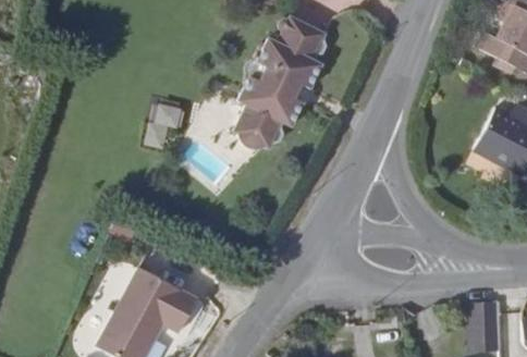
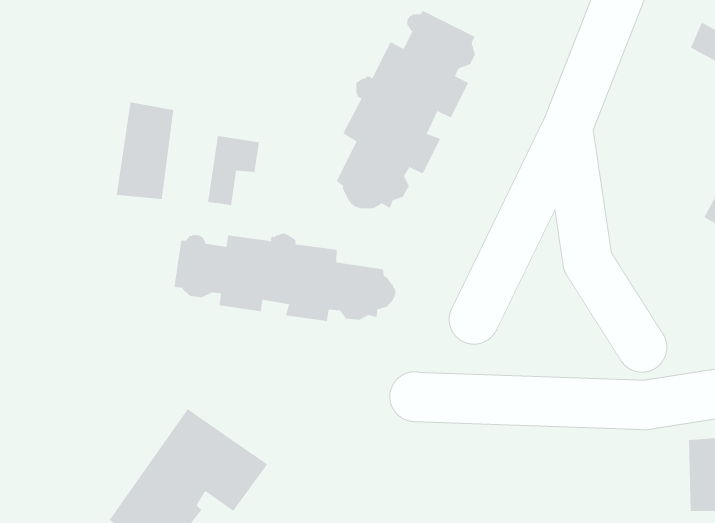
building: none -> [116,101,174,200]
building: none -> [174,232,396,322]

